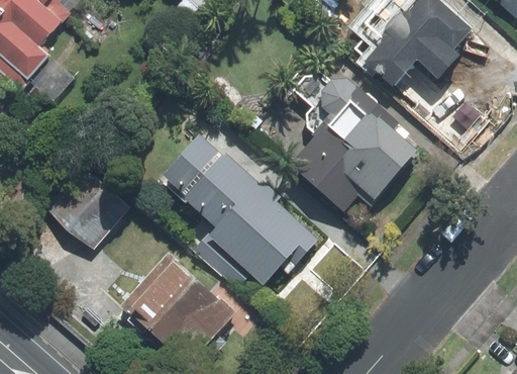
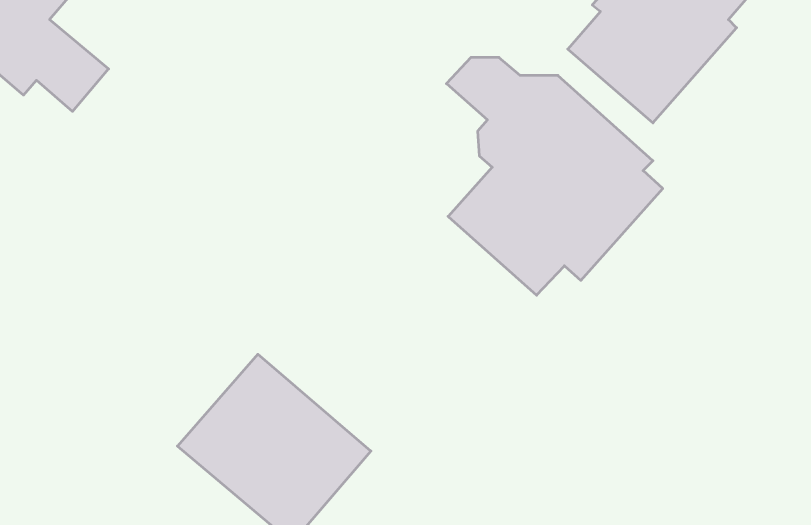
building: [156,130,319,284] -> none
building: [43,163,132,251] -> none

